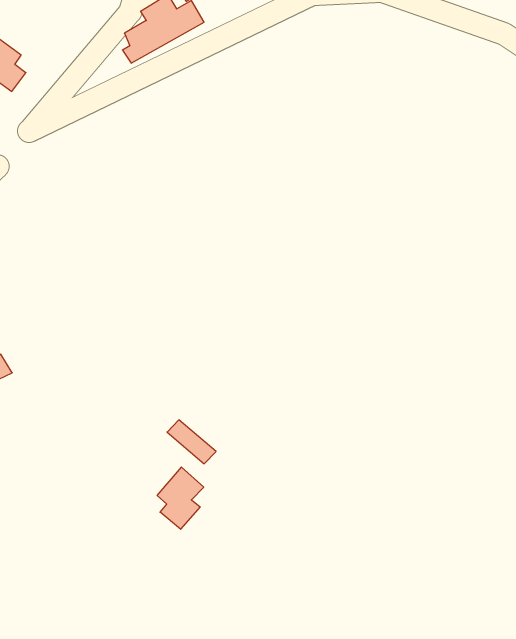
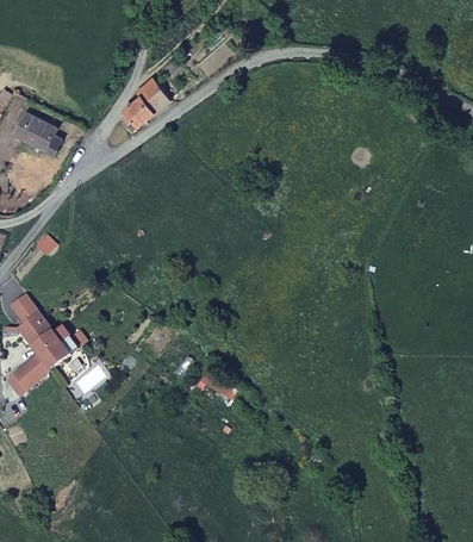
building: [157,467,204,529] -> none

